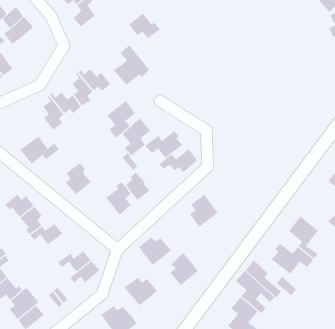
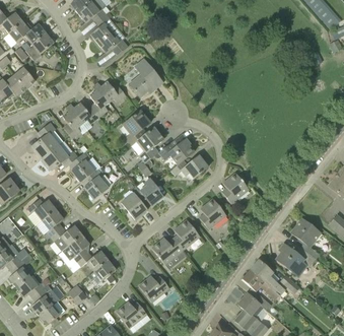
building: [128,13,161,39] -> [97,31,128,56]
building: none -> [32,123,58,157]
building: none -> [65,150,94,183]
building: none -> [221,173,249,204]
building: none -> [62,234,89,262]
building: [170,252,199,286] -> [173,219,200,251]

